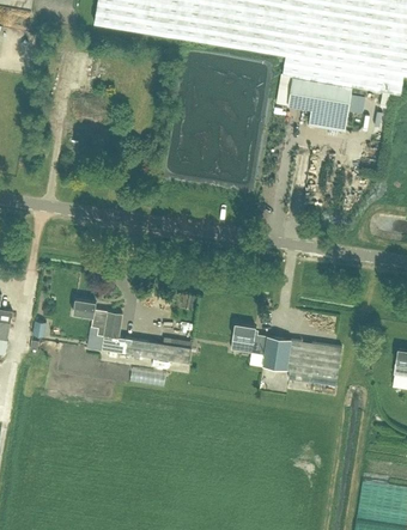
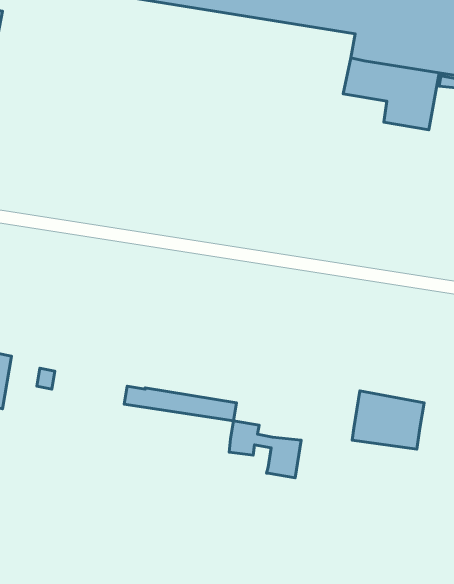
building: [74,298,122,336] -> none
building: [232,322,290,367] -> [229,421,301,478]

